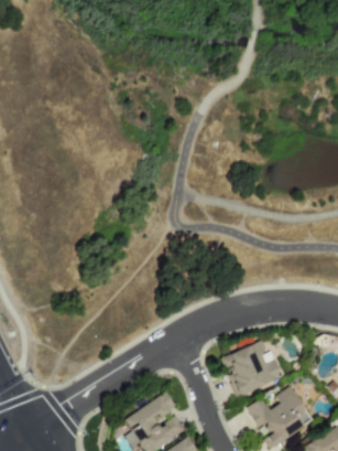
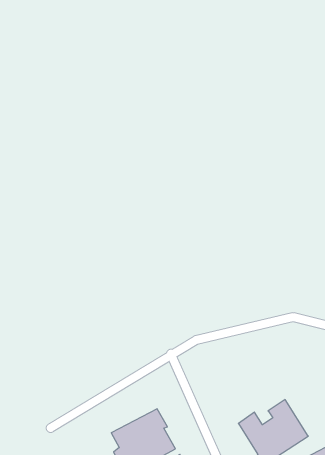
building: [220,341,282,396] -> none

